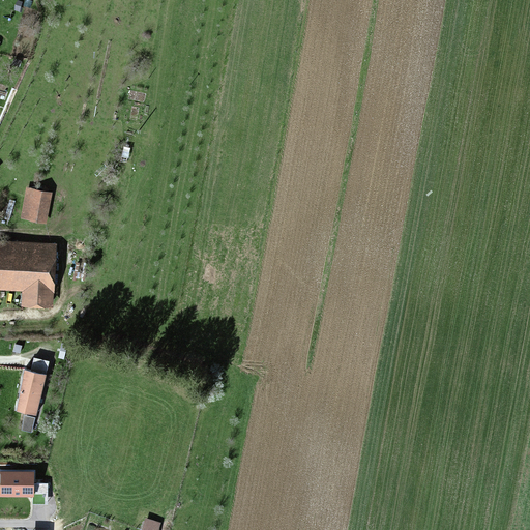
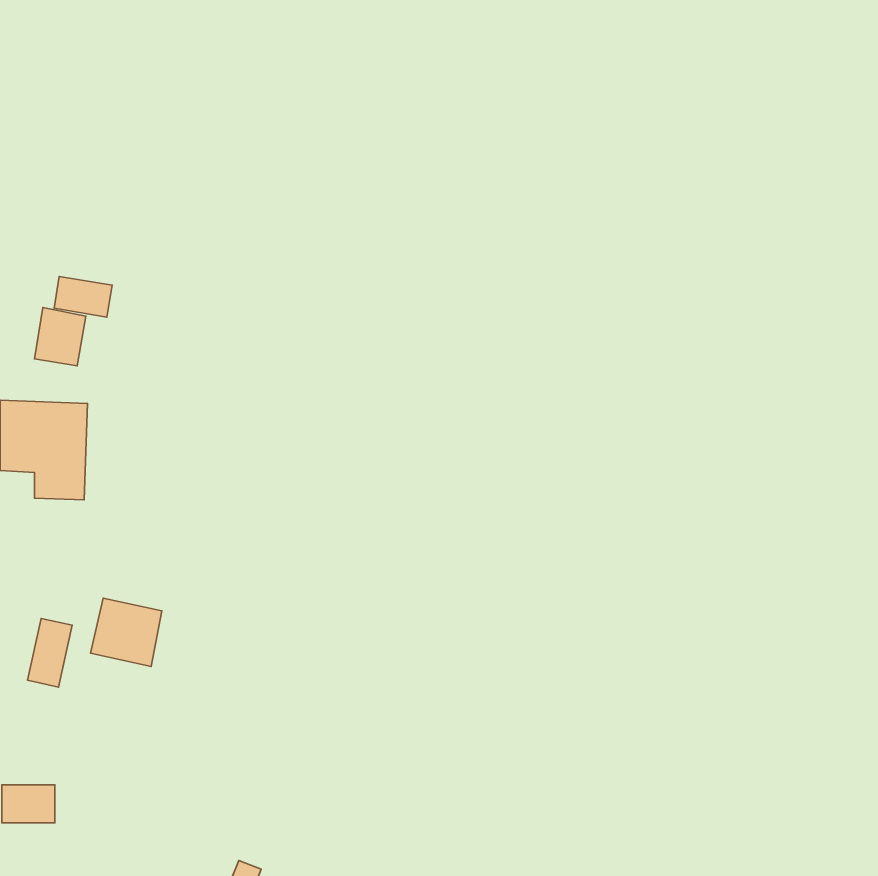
building: none -> [54,276,112,317]
building: none -> [91,598,162,667]

